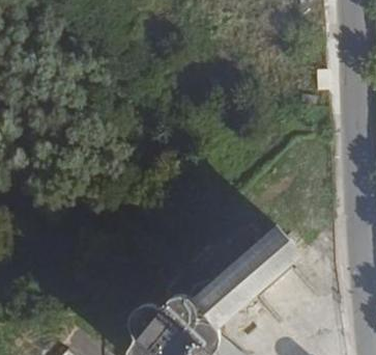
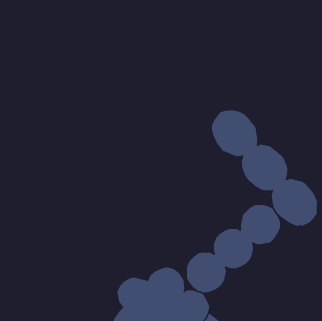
building: none -> [211,109,318,227]

